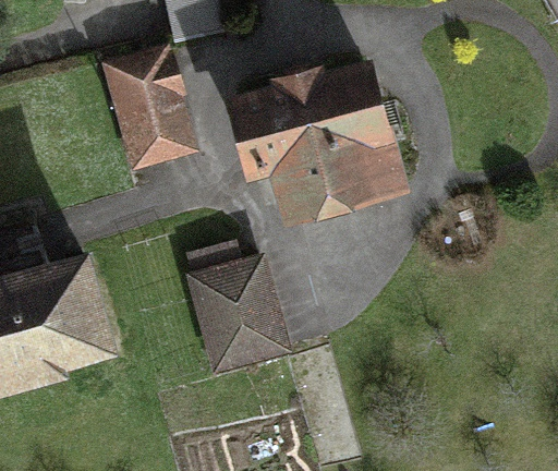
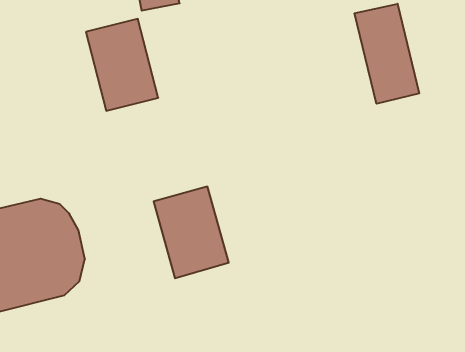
building: none -> [355,4,419,104]
building: [241,64,388,210] -> none

